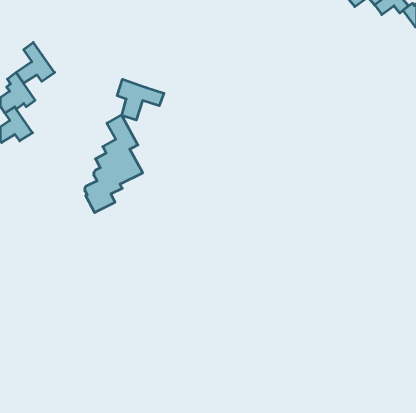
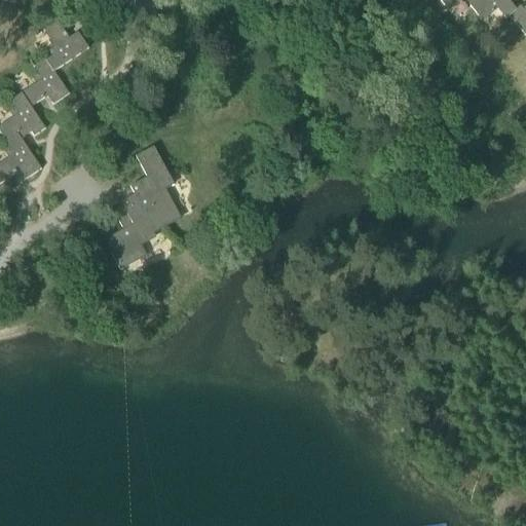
building: none -> [43,18,89,70]
building: [117,79,164,120] -> none

